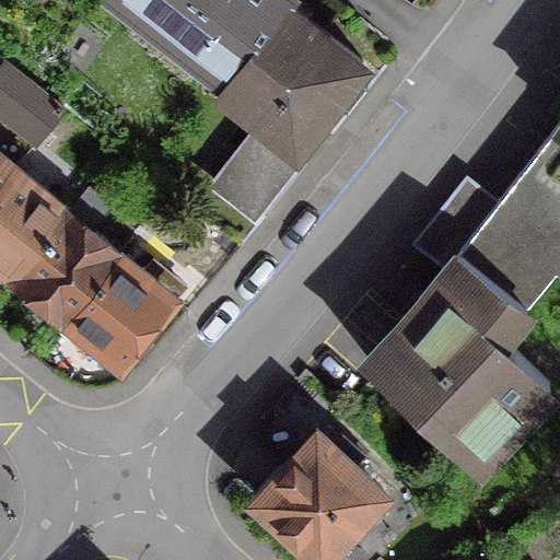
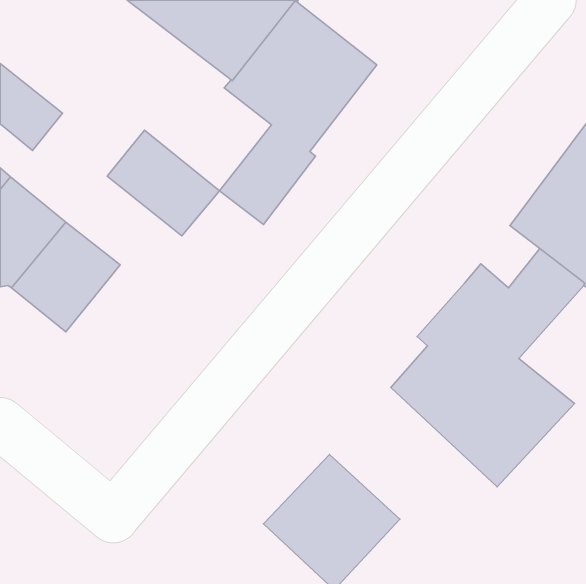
building: none -> [107,130,220,236]
building: [418,197,515,279] -> none
building: [67,257,174,364] -> none

